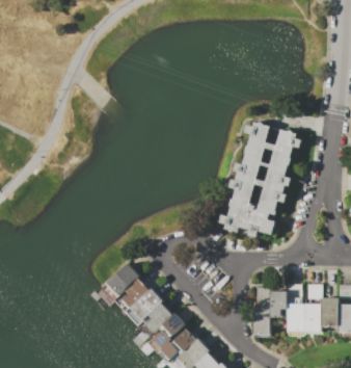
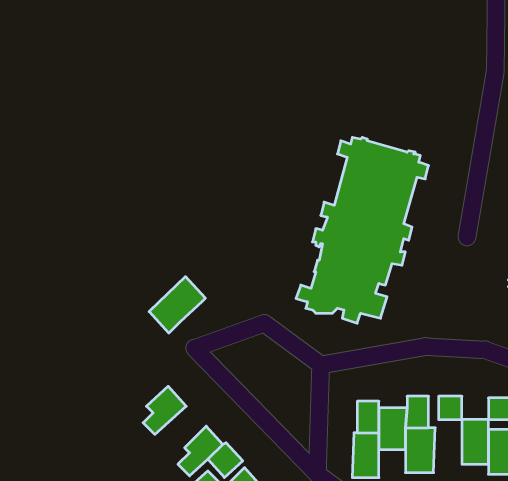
building: [104,262,139,297] -> [149,277,205,333]
building: [129,288,162,321] -> none
building: [303,304,321,332] -> none

